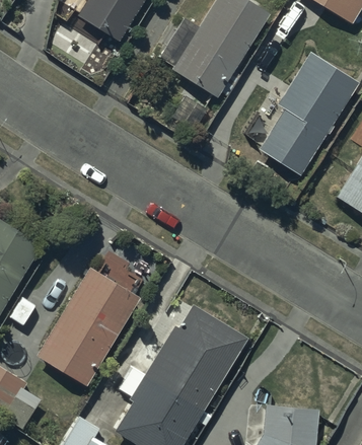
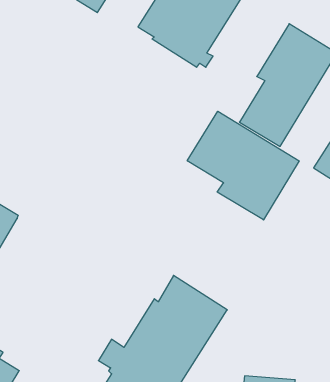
building: none -> [187,111,299,220]
building: [38,267,142,385] -> none

